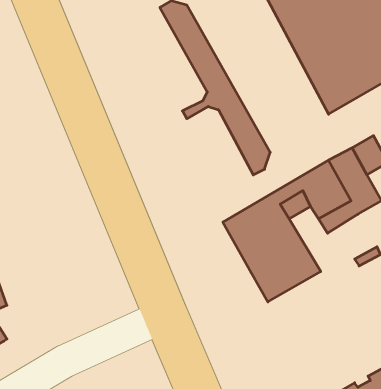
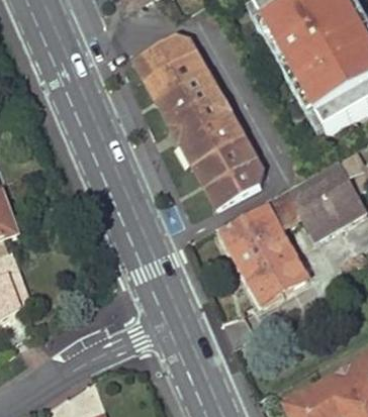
building: none -> [136,36,207,129]
building: none -> [189,125,249,202]

